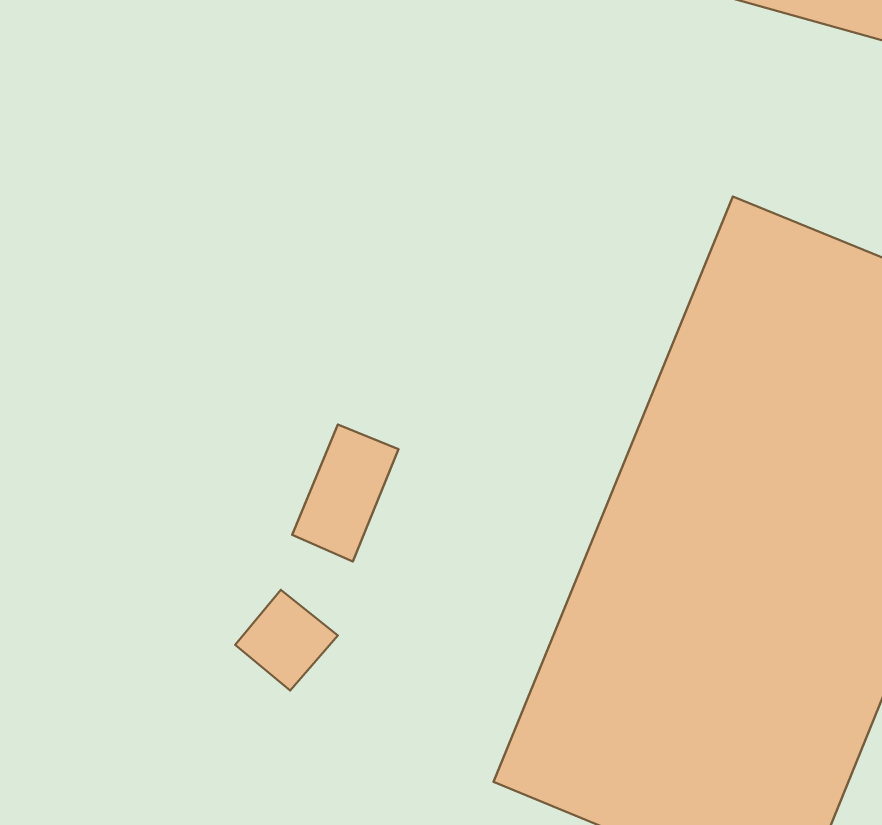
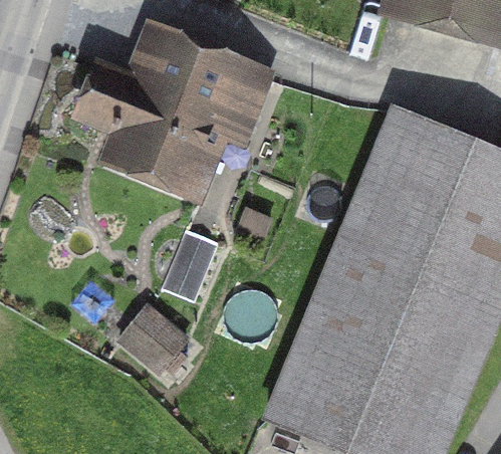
building: none -> [83,37,266,187]

